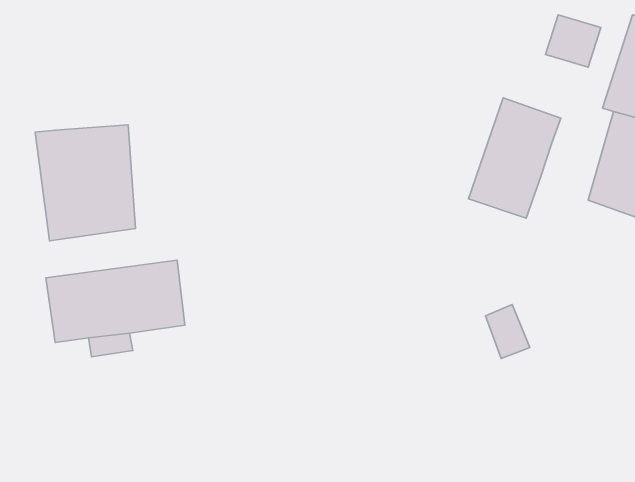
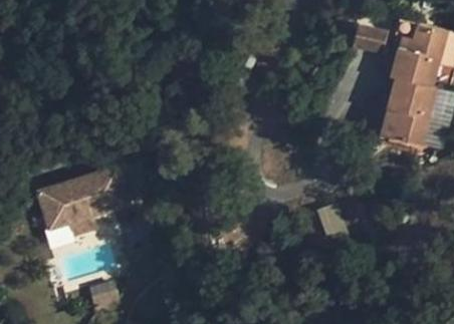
building: [468,98,561,218] -> none
building: [35,125,136,241] -> none

